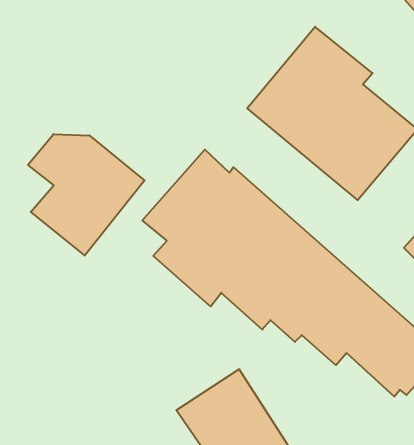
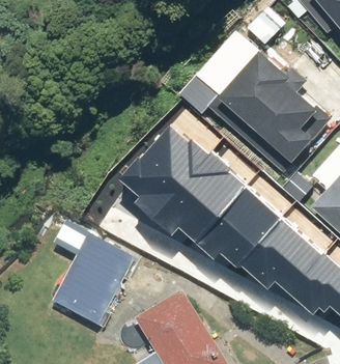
building: [28,134,145,256] -> none
building: none -> [58,234,140,328]

